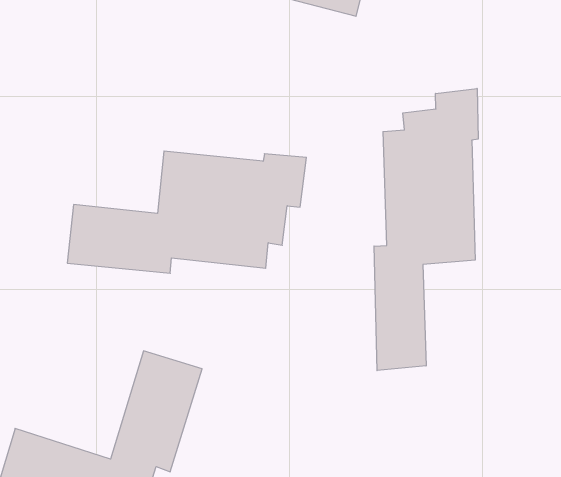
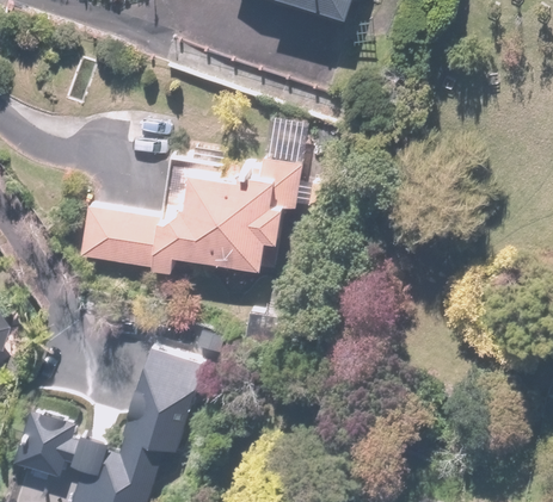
building: [374,88,478,371] -> none

